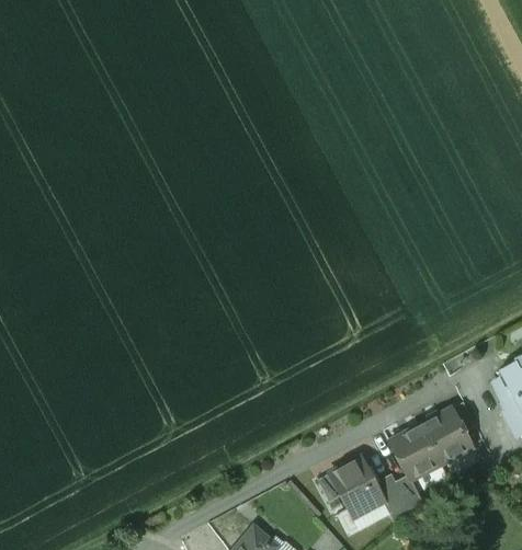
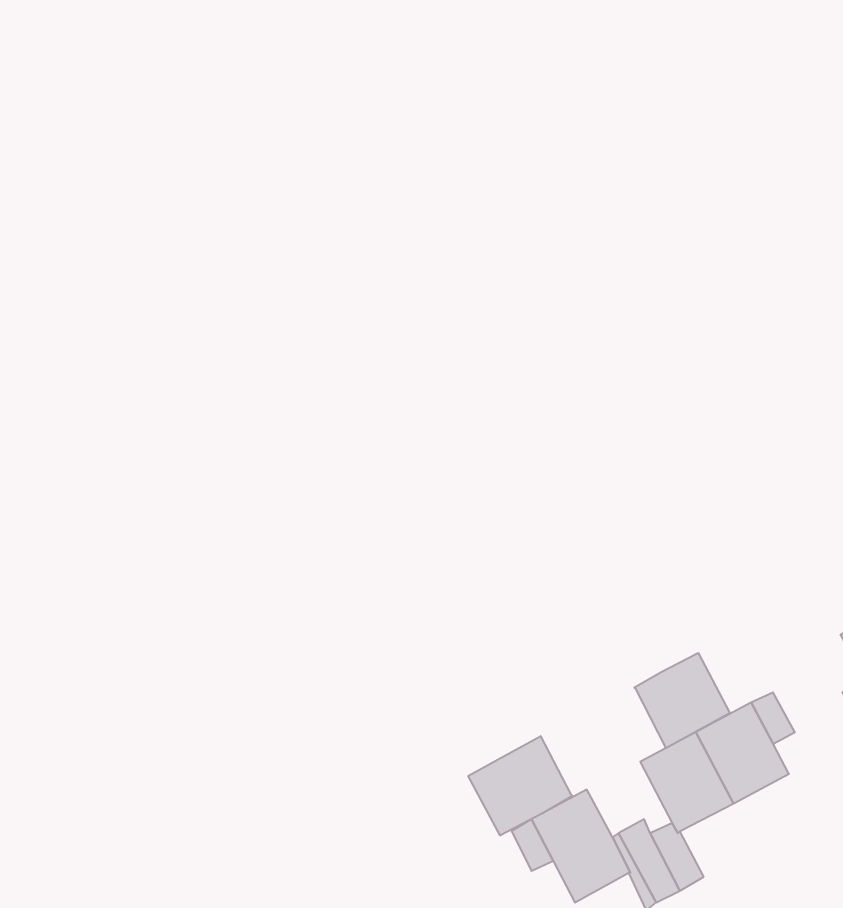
building: none -> [634,653,730,748]
building: none -> [468,736,573,836]

